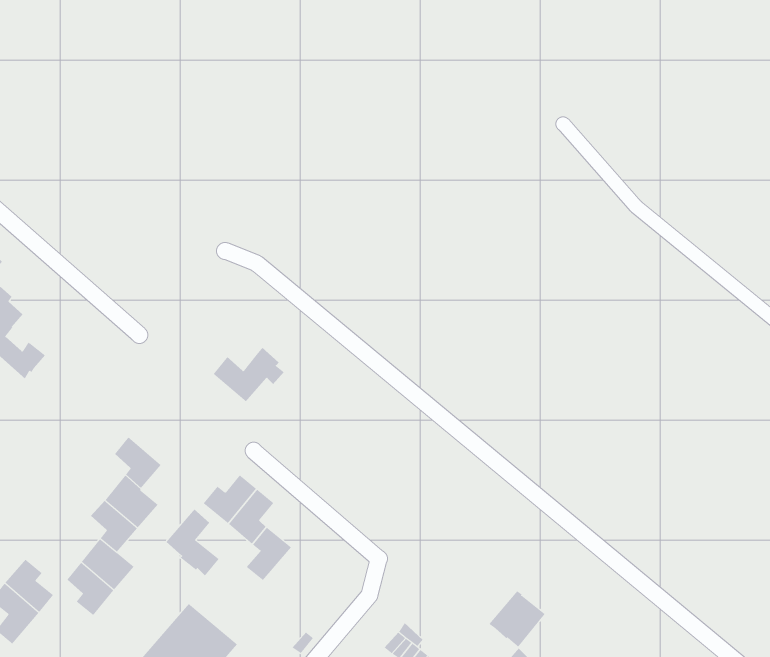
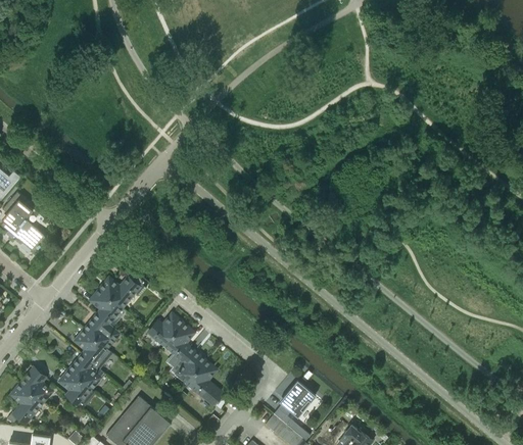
building: [213,347,284,402] -> [99,271,145,307]
building: [166,508,220,577] -> [186,360,221,404]
building: [488,590,546,648] -> [278,380,315,416]

